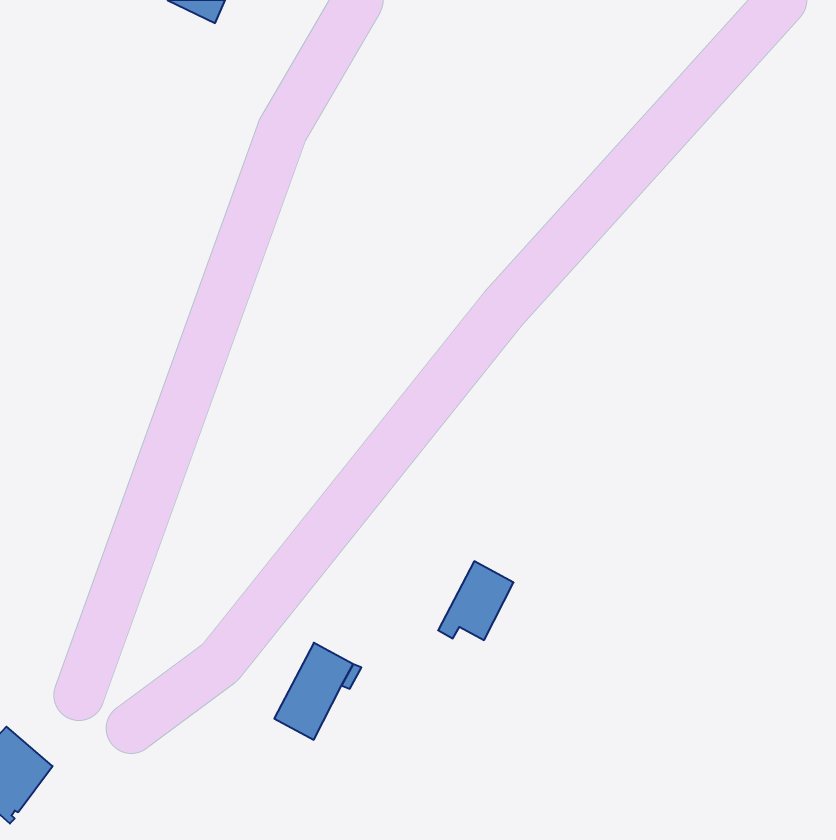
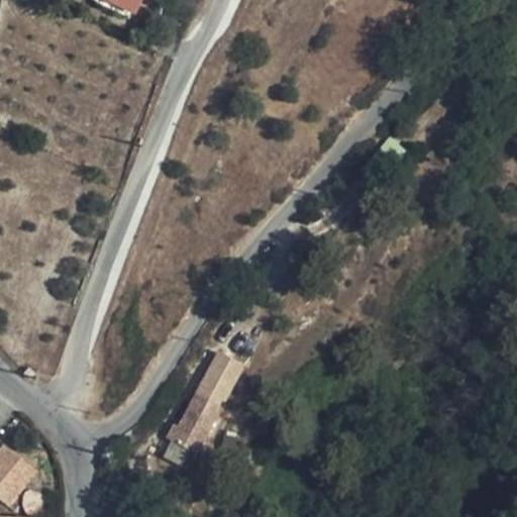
building: [438,561,514,640] -> [193,352,239,401]

